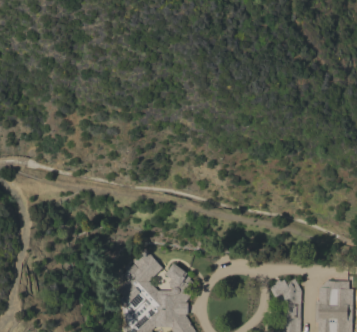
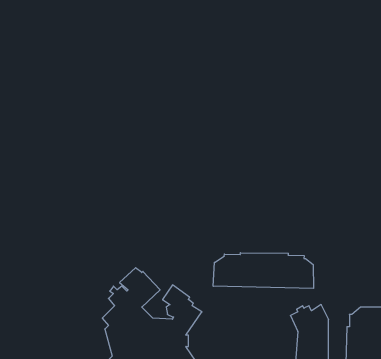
building: none -> [213,253,314,288]

